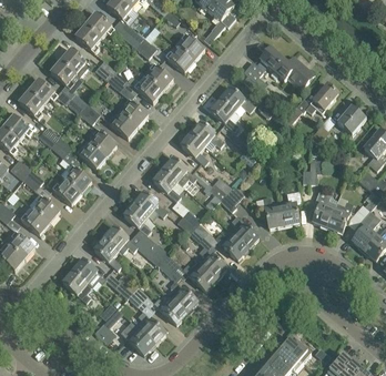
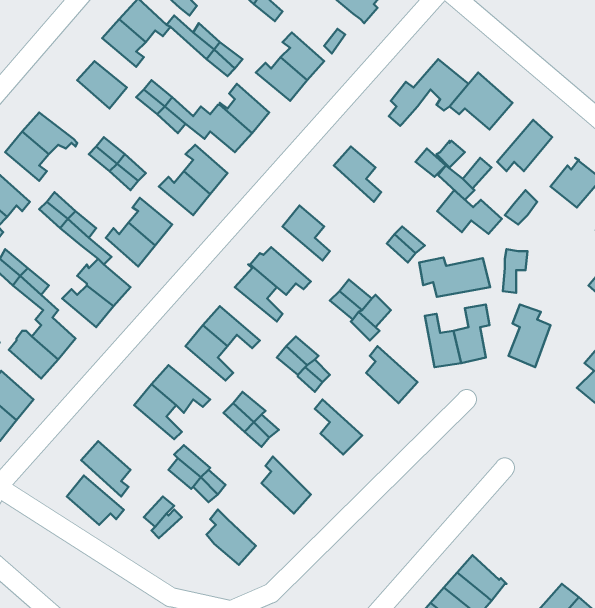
building: [50,60,83,91] -> none
building: [220,87,257,112] -> [437,190,502,234]
building: [190,121,224,150] -> none
building: none -> [419,257,490,297]
building: [327,201,353,233] -> none
building: [214,231,247,260] -> none
building: [72,258,105,287] -> [67,476,124,525]
building: [182,261,215,289] -> none
building: [153,295,186,324] -> none
building: [121,322,154,355] -> none

